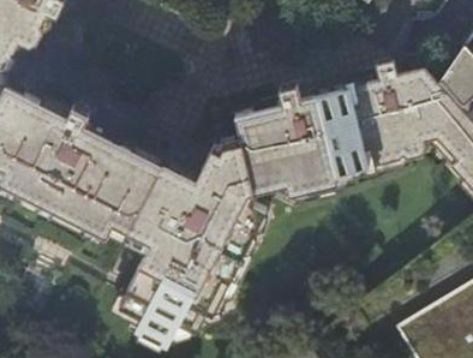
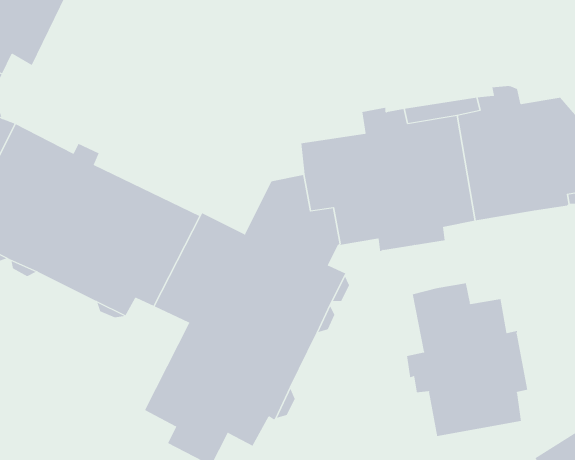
building: none -> [406,283,528,437]

